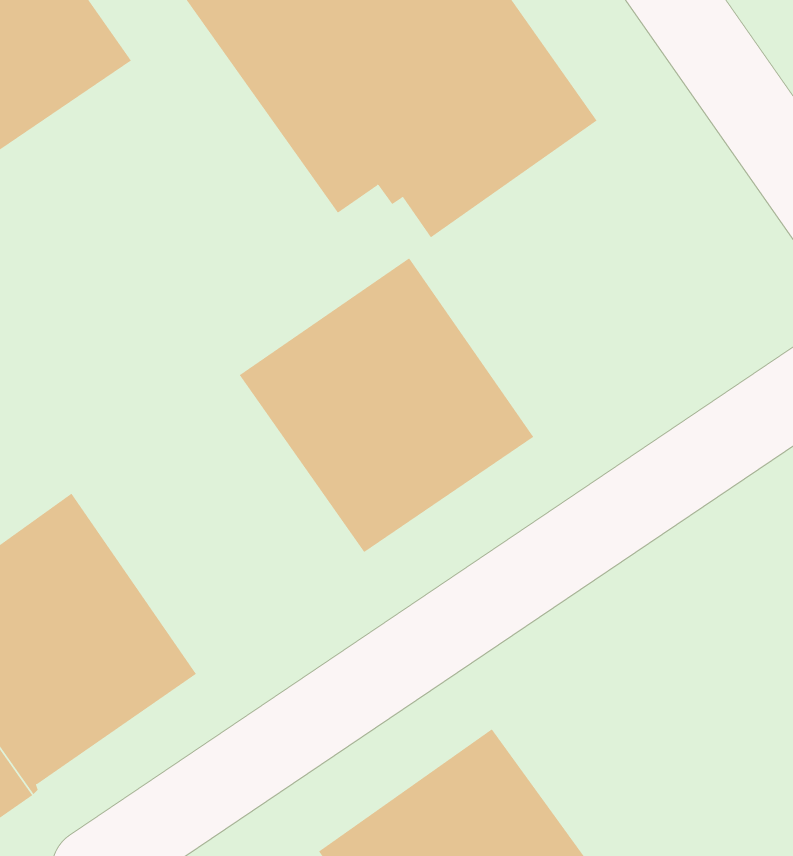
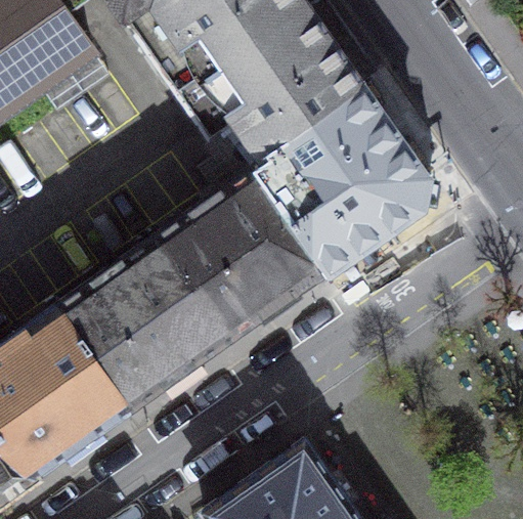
building: none -> [254,87,430,274]
building: none -> [59,235,229,409]

